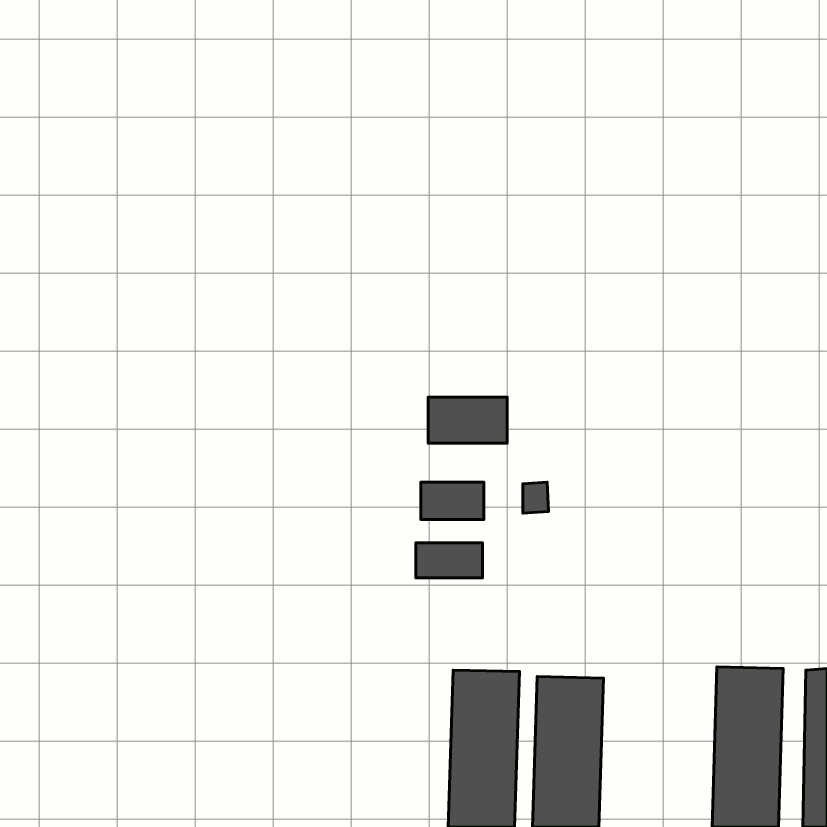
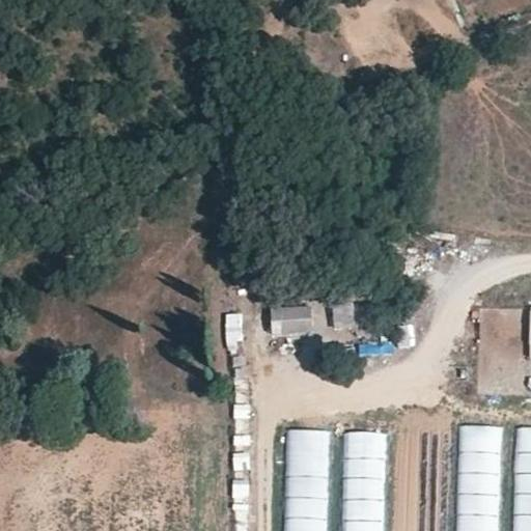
building: [428,397,507,443] -> none
building: [416,543,482,578] -> none

